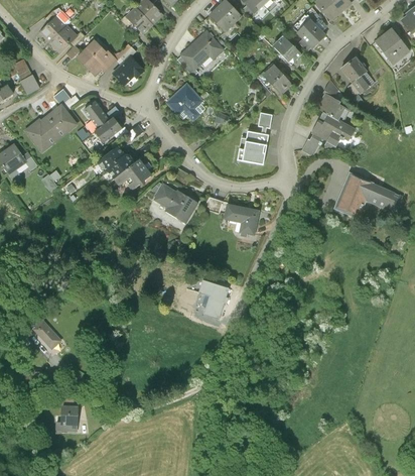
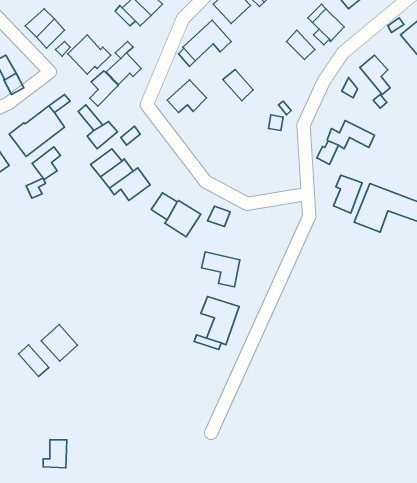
building: [263,66,290,94] -> [223,69,253,101]
building: none -> [90,71,118,106]
building: [316,97,348,122] -> none
building: [243,127,269,161] -> none
building: none -> [32,147,60,179]
building: none -> [334,175,362,213]
building: [225,201,259,232] -> [202,252,240,287]
building: none -> [41,325,78,361]

